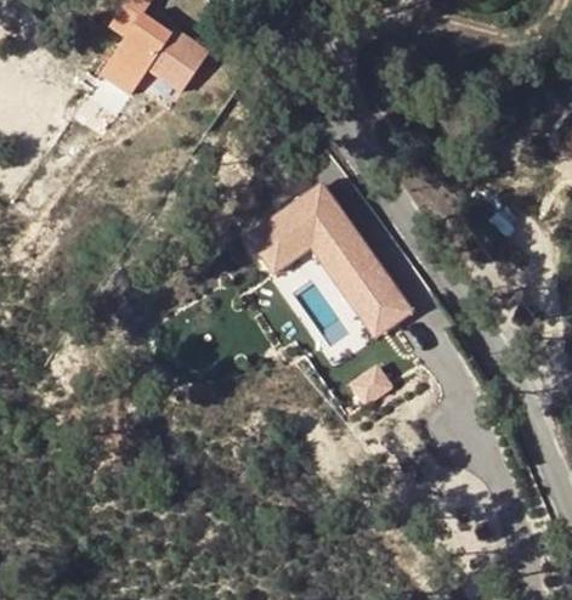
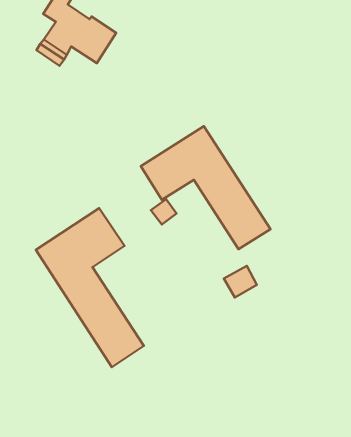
building: none -> [36,208,144,367]

